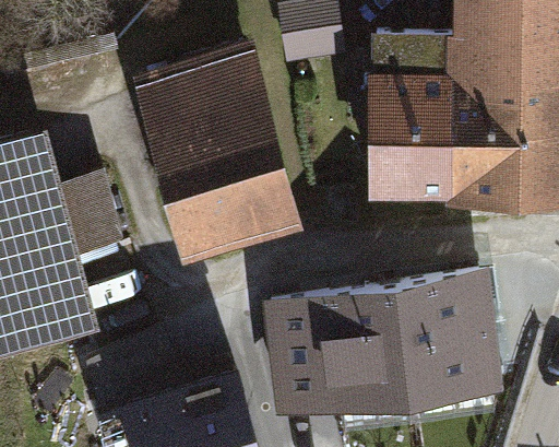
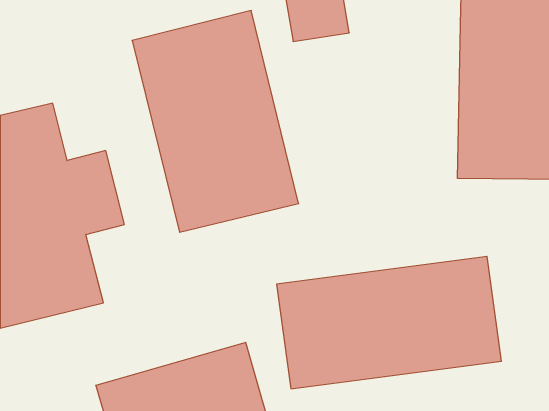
building: [370,36,456,205] -> none

